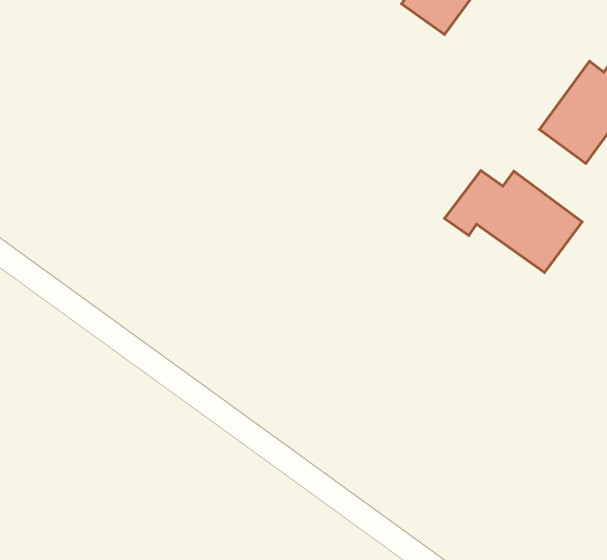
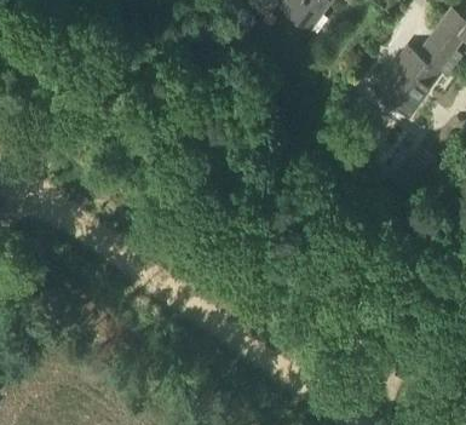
building: [444,170,582,273] -> none

